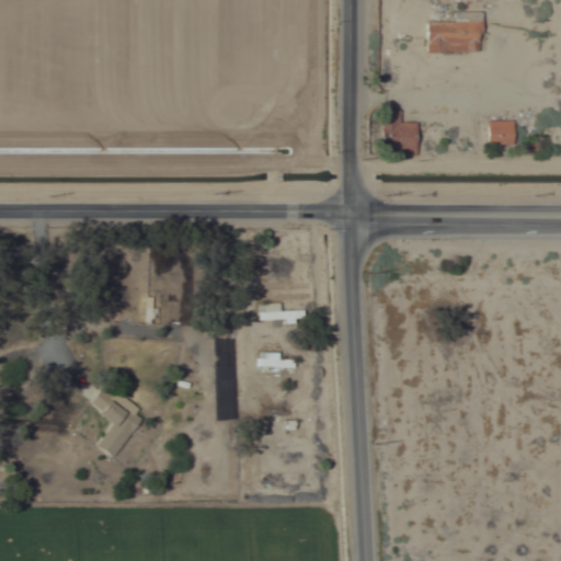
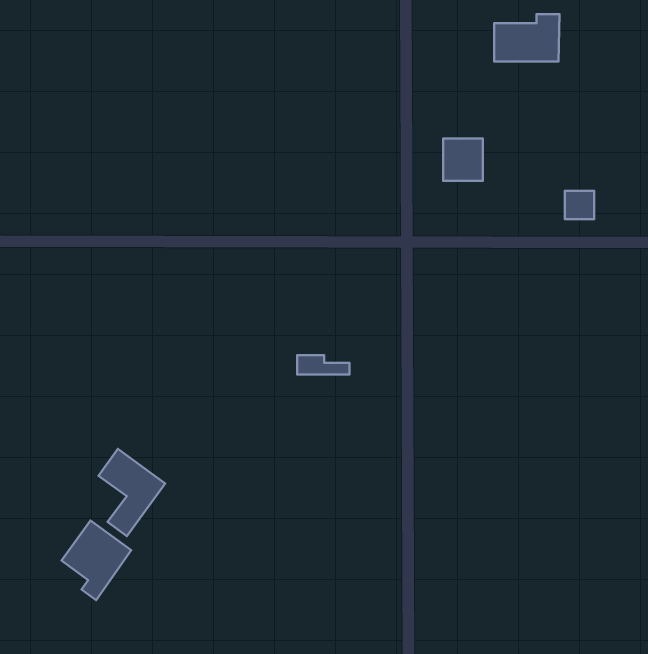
building: [490,119,515,144] -> [565,191,594,219]
building: none -> [61,521,131,600]

